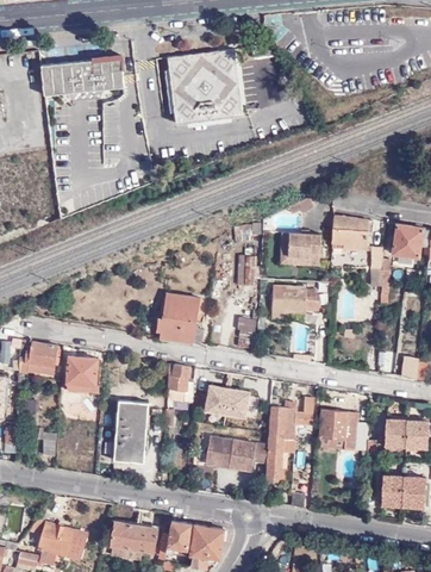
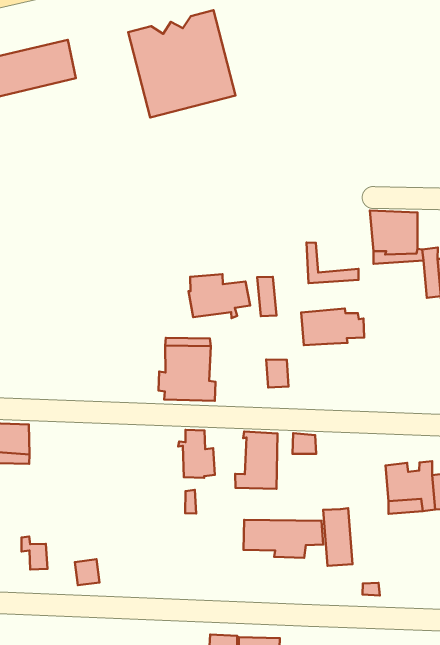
building: [289,234,320,257] -> none
building: none -> [189,274,250,318]
building: [63,355,96,391] -> none
building: [270,397,314,439] -> none
building: [115,398,149,461] -> none

